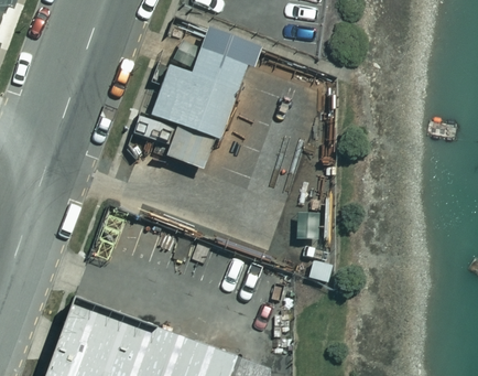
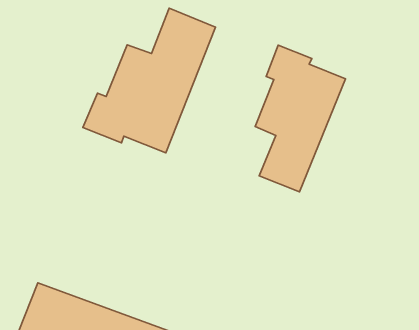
building: none -> [255,45,345,192]

